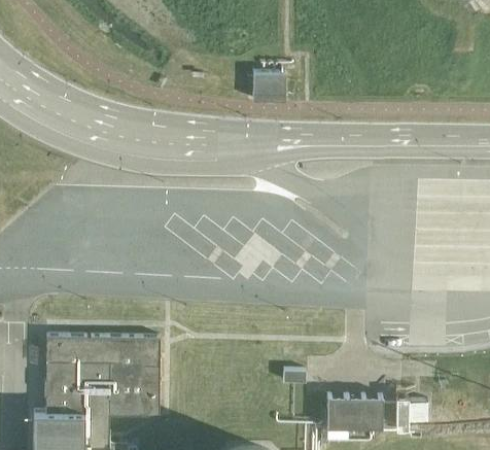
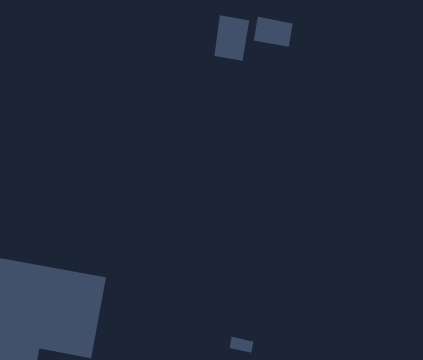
building: none -> [214,14,250,61]

